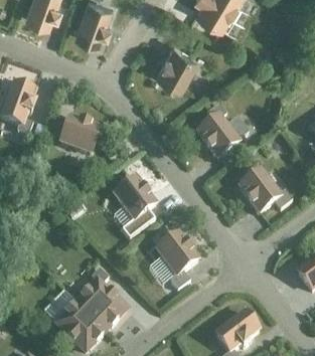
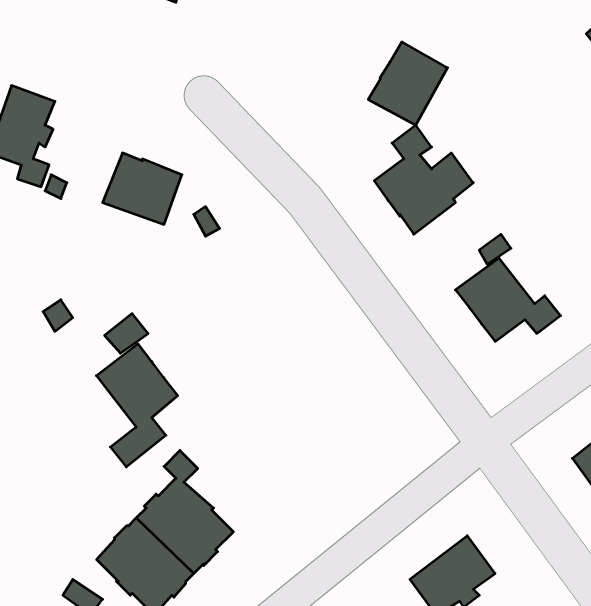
building: [155,41,195,83] -> [368,42,448,125]
building: [113,175,154,237] -> [96,344,178,467]
building: [155,230,196,287] -> none

